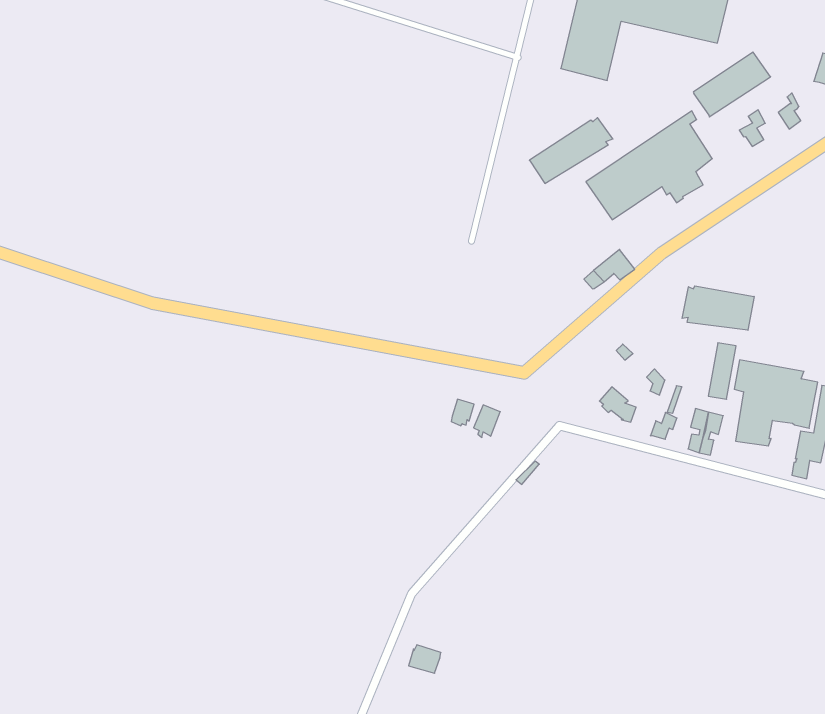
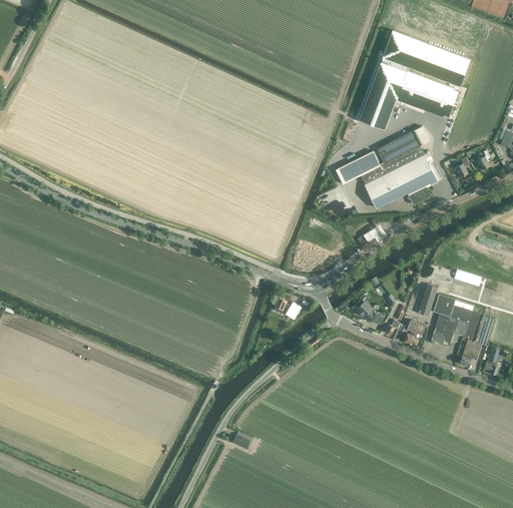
building: [693,52,771,117] -> [376,130,420,163]
building: [682,286,754,330] -> none

